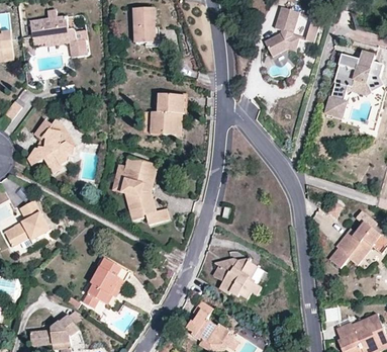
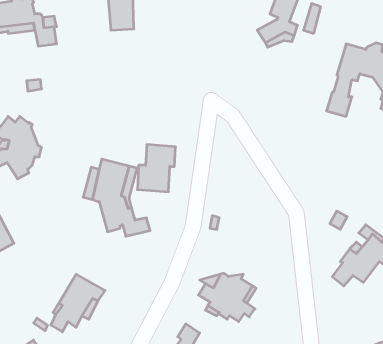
building: [151,93,184,135] -> [137,145,176,192]

